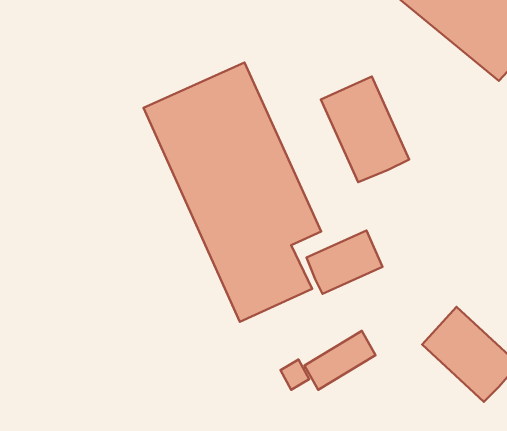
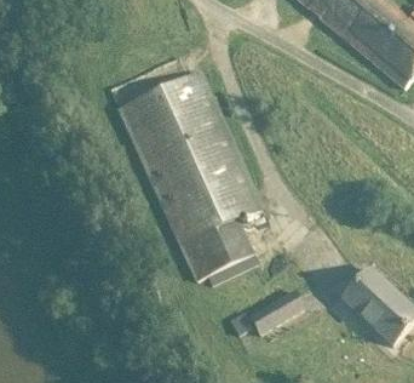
building: [321,77,409,182] -> none
building: [306,231,383,294] -> none

